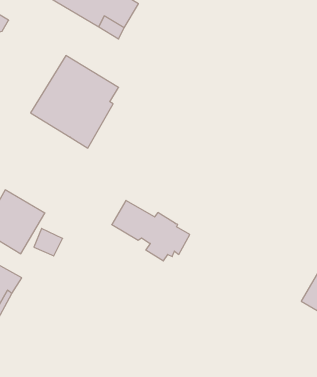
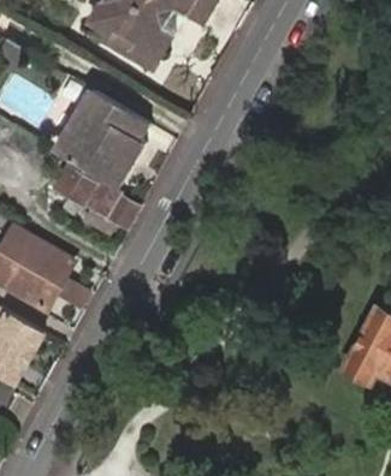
building: [112,200,190,261] -> [47,165,132,231]

